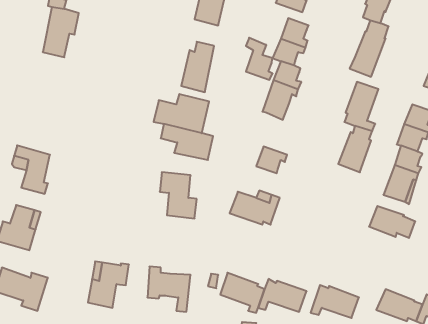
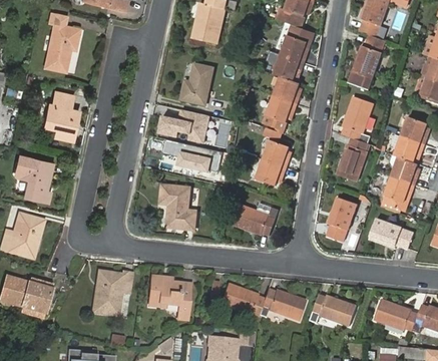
building: [246,38,273,80] -> [263,126,289,167]
building: none -> [46,96,80,143]
building: none -> [324,198,354,243]

